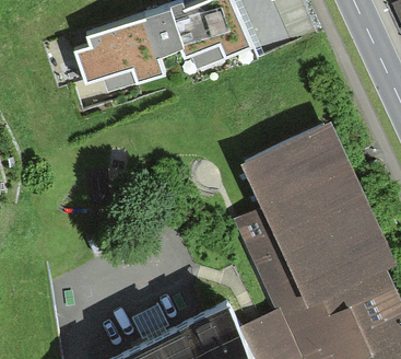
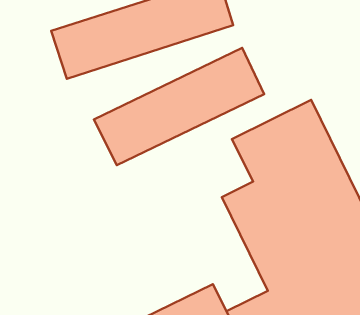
building: none -> [94,48,264,165]

